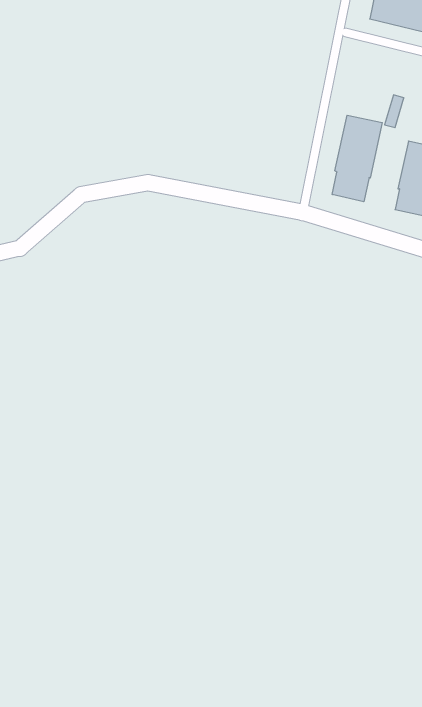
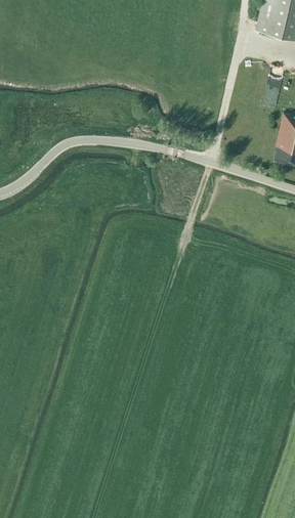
building: [332,115,382,202] -> none

